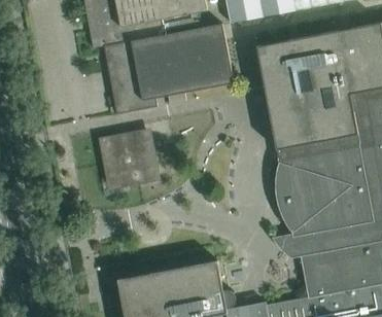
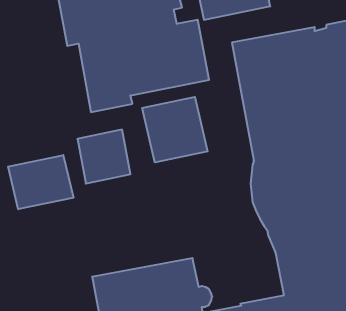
building: none -> [142,97,208,162]
building: none -> [8,155,73,209]

